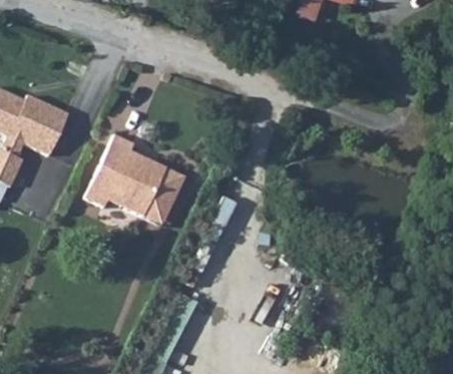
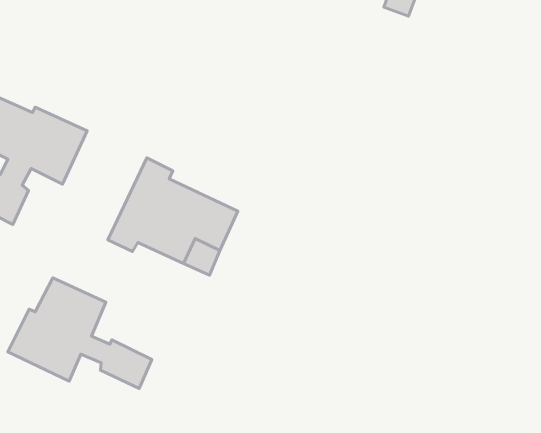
building: none -> [8,278,152,389]

